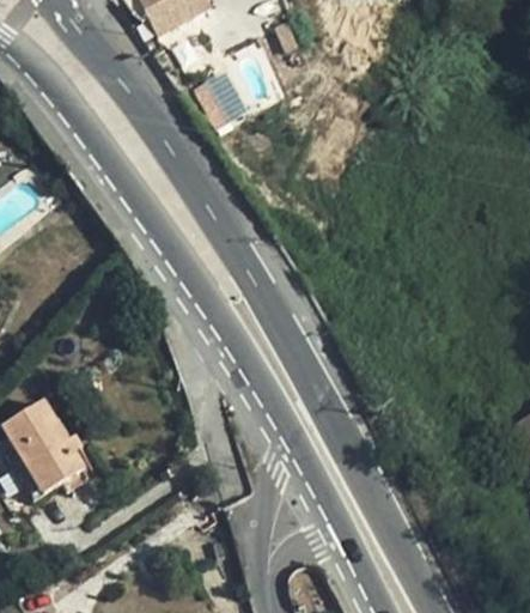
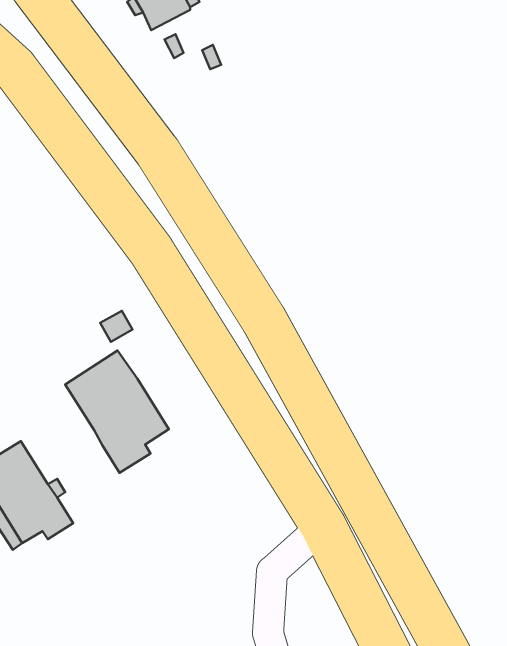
building: none -> [65,350,169,473]

